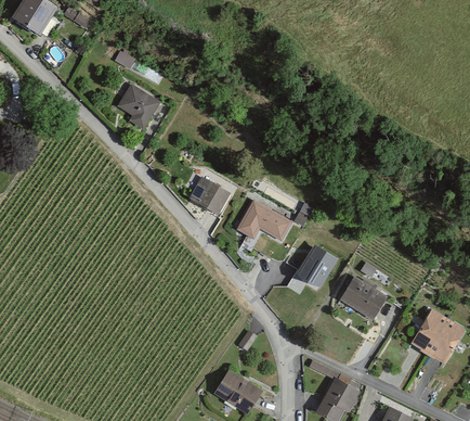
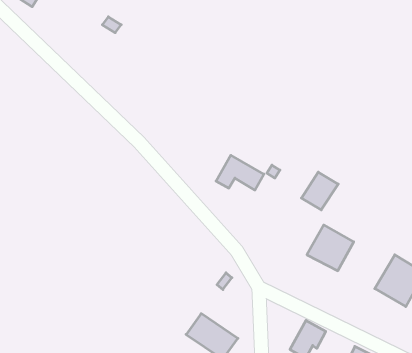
building: [117,92,161,136] -> none
building: [187,176,224,209] -> none
building: [296,243,336,284] -> [301,172,338,210]

